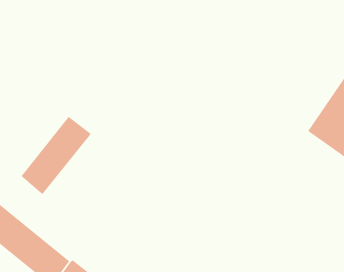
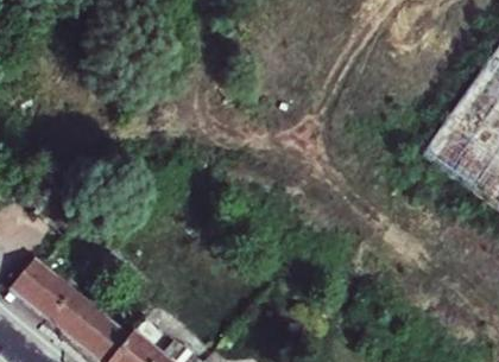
building: [21,116,92,195] -> none

